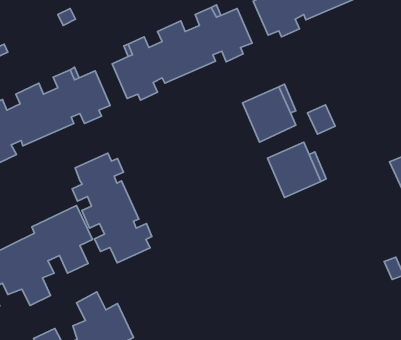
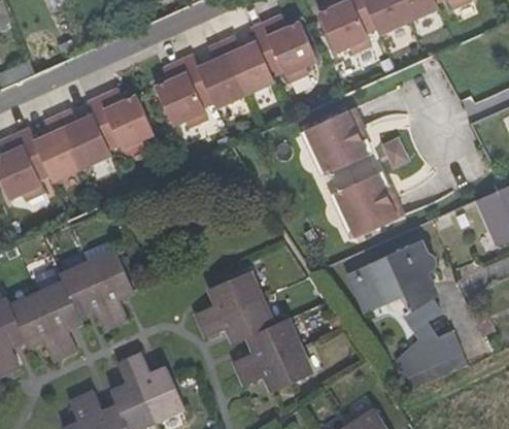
building: [72,153,152,263] -> none
building: none -> [355,238,443,329]
building: none -> [192,268,309,390]
building: none -> [398,335,462,388]

